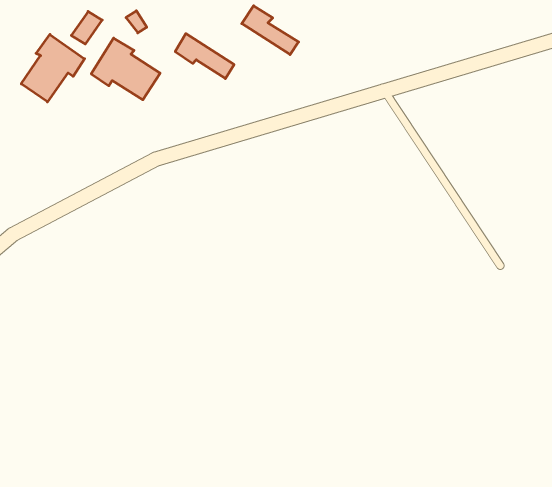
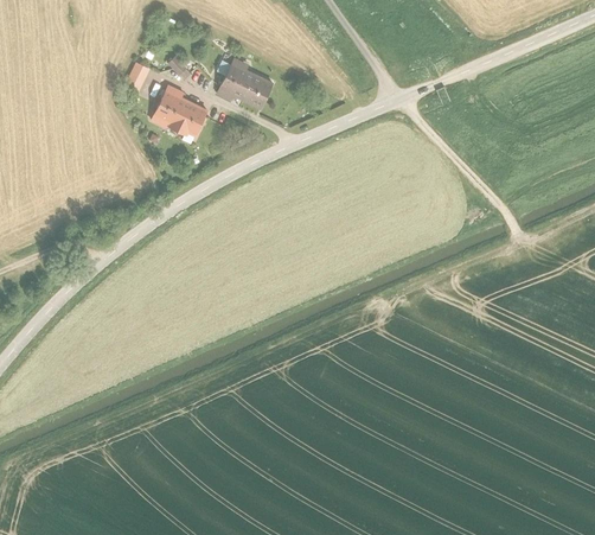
building: [242,6,299,55] -> [224,57,275,95]
building: [21,34,85,102] -> none

